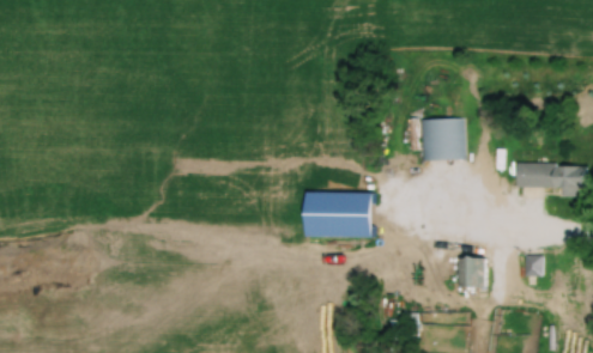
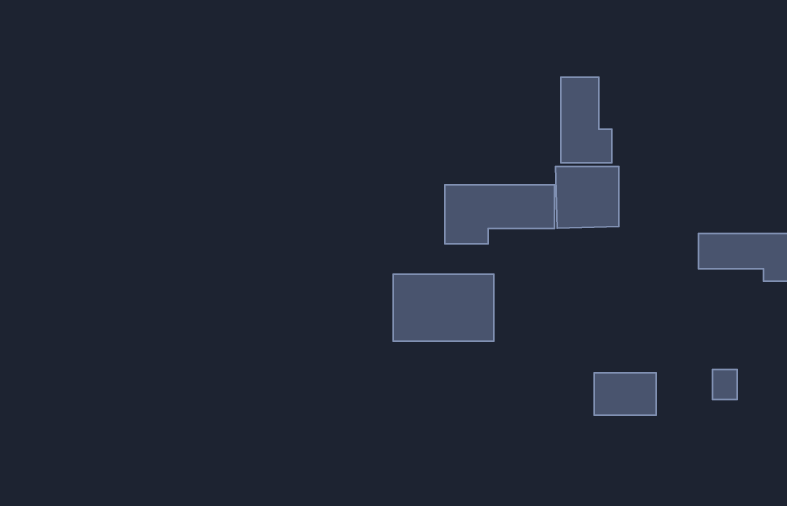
building: none -> [561,77,612,163]
building: none -> [445,185,554,244]

